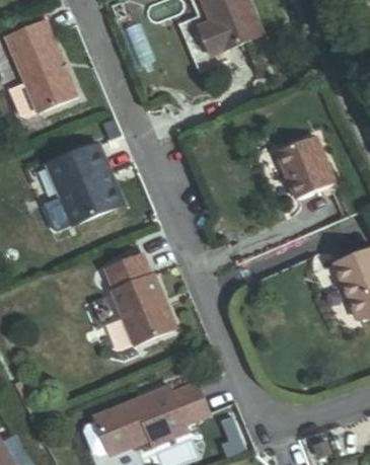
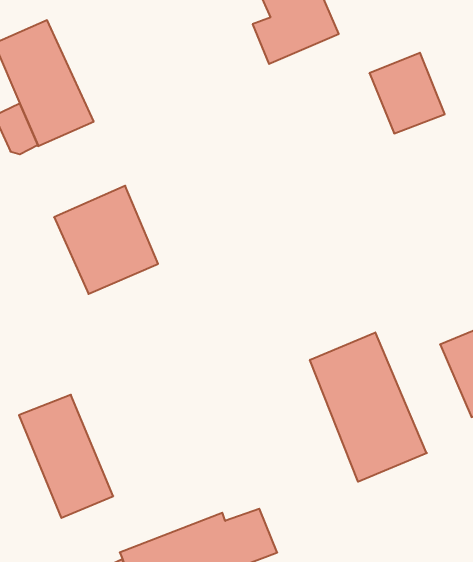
building: [276,137,331,197] -> [369,53,445,133]
building: none -> [310,332,427,482]
building: [106,253,176,344] -> [19,395,113,518]

